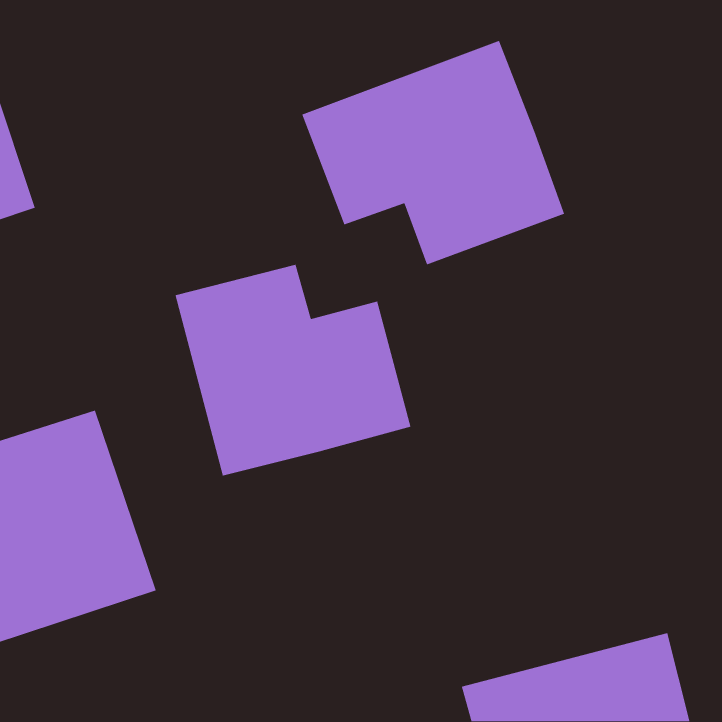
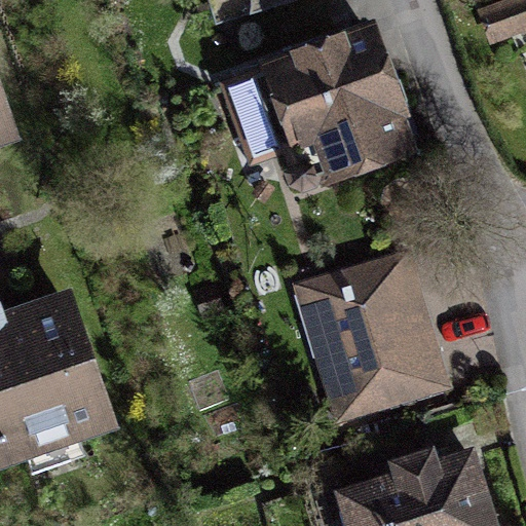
building: [175,264,412,476] -> none
building: none -> [295,253,451,419]

